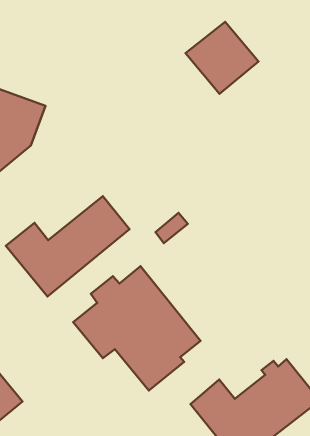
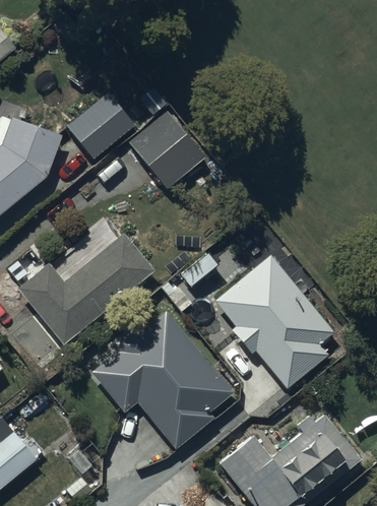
building: [185,22,258,94] -> [131,110,211,189]
building: none -> [65,97,128,160]
building: none -> [215,255,334,389]

